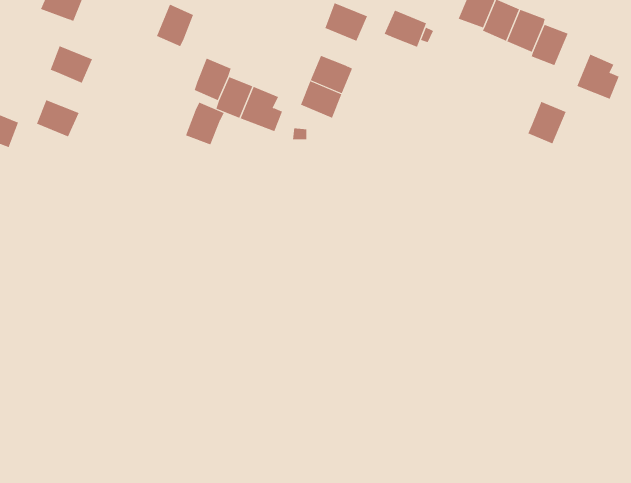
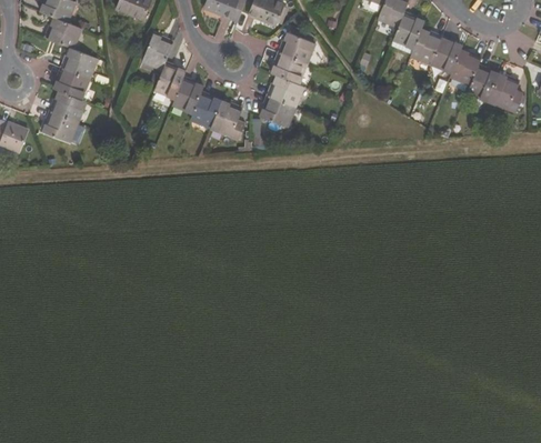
building: [384,10,427,47] -> [271,53,307,84]
building: none -> [61,47,97,79]
building: none -> [50,90,86,123]
building: [527,101,566,144] -> [467,66,499,101]
building: [185,102,224,145] -> [153,62,186,98]

